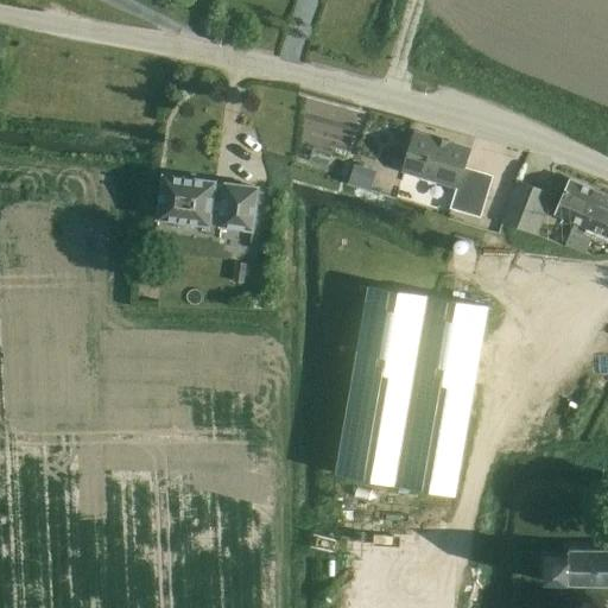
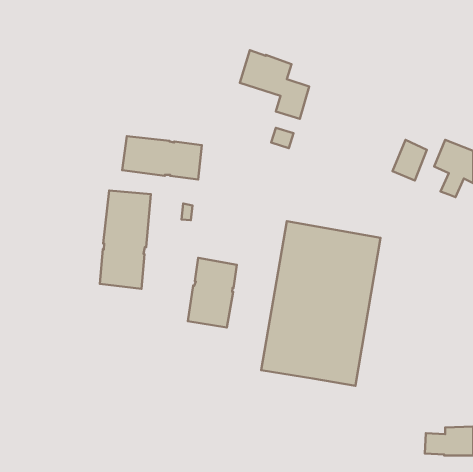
building: [404,131,493,218] -> [240,50,309,119]
building: none -> [100,191,151,289]
building: none -> [188,258,237,327]

